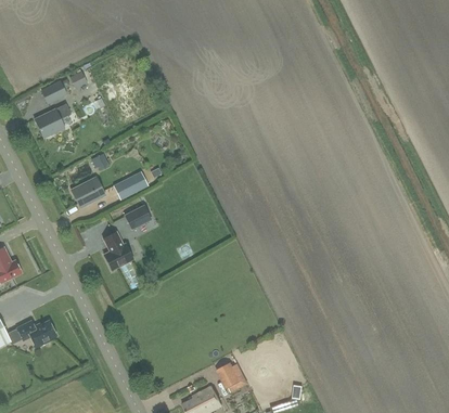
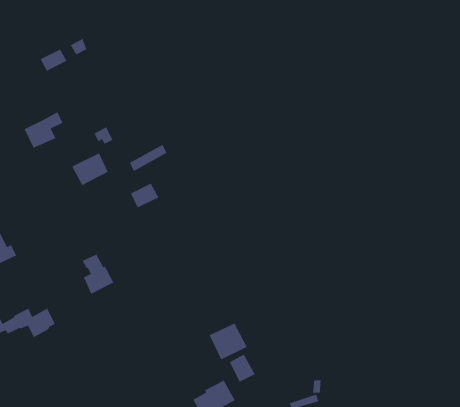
building: [35,102,72,137] -> [24,111,64,149]
building: [103,231,133,269] -> [82,254,114,295]
building: none -> [209,322,248,361]

